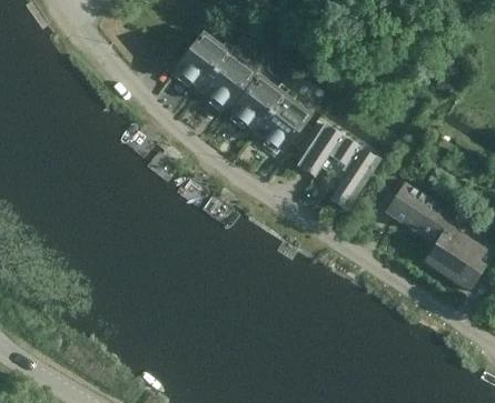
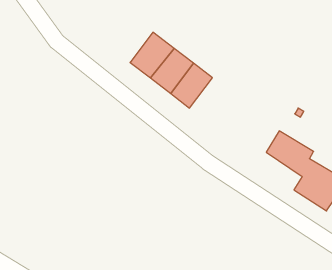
building: [175,30,231,90] -> none
building: [293,123,378,210] -> none

